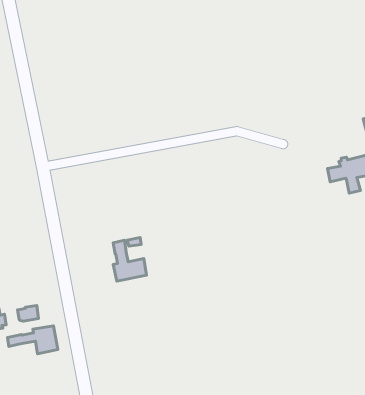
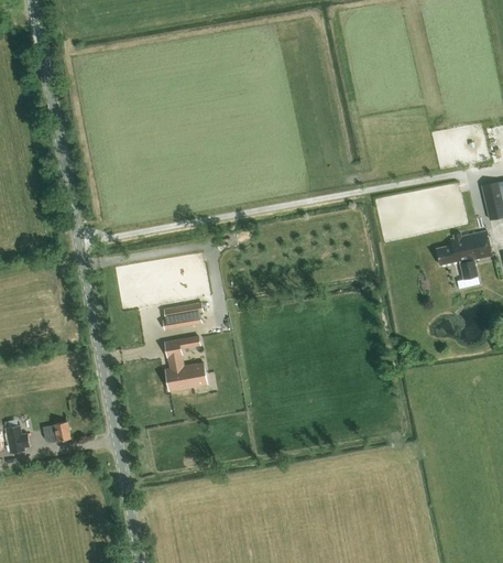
building: none -> [162,303,201,329]
building: [8,326,58,354] -> none

